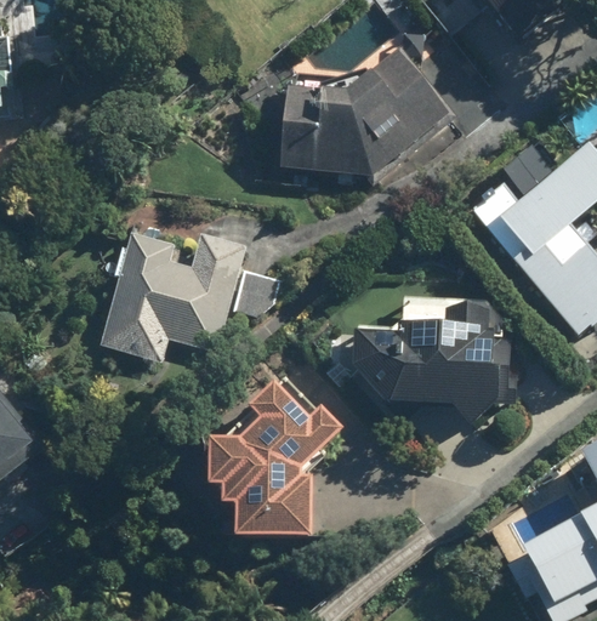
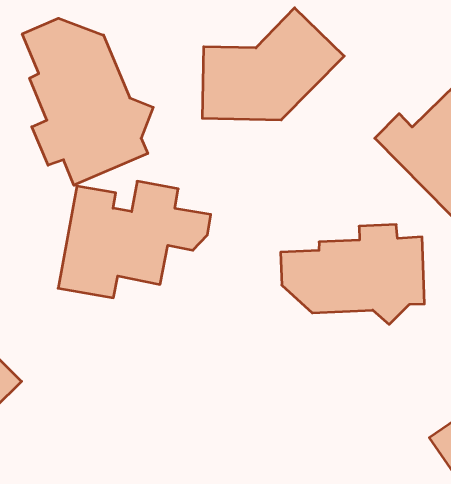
building: none -> [22,18,153,185]
building: [209,378,343,534] -> none

